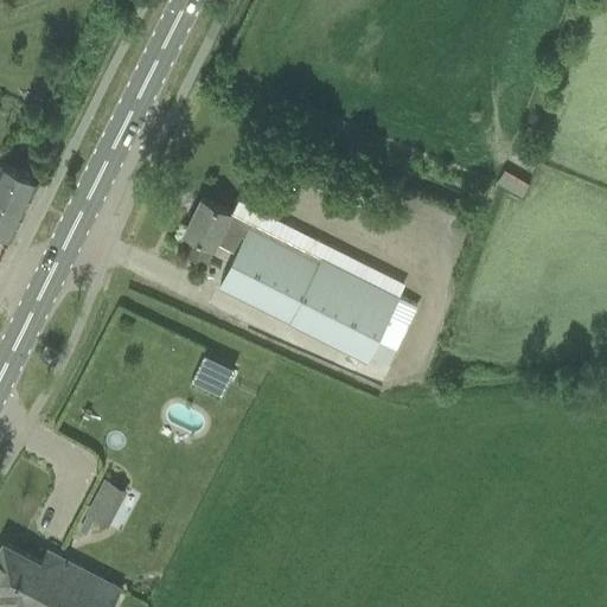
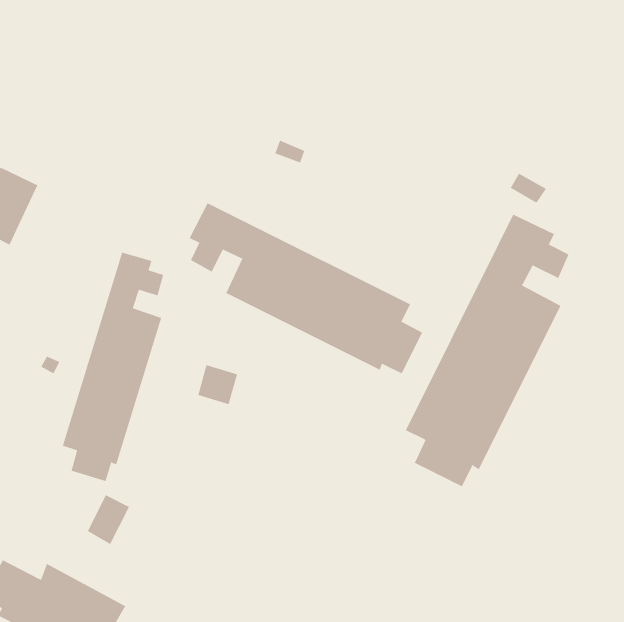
building: none -> [405,214,569,487]
building: none -> [62,252,164,482]

